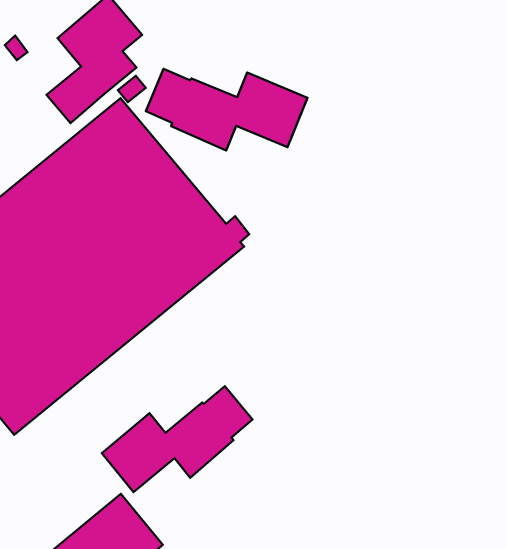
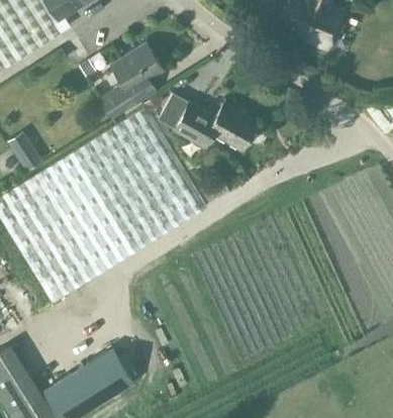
building: [102,386,253,492] -> none

